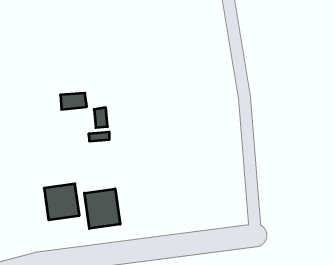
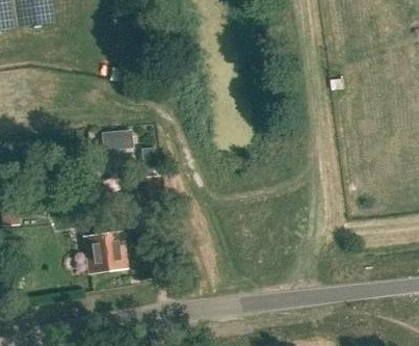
building: [84,189,120,229] -> none

